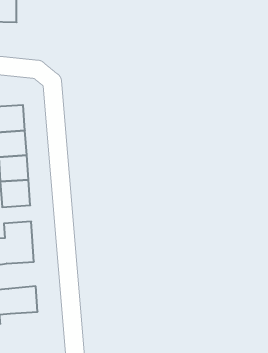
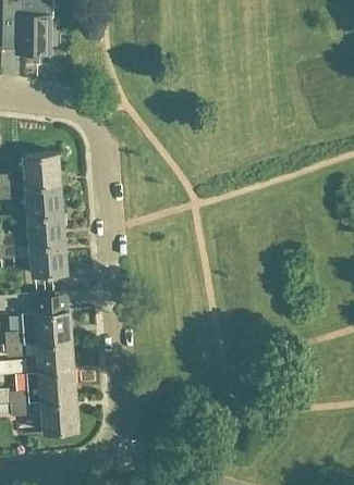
building: none -> [37,340,72,373]
building: none -> [41,400,76,433]

